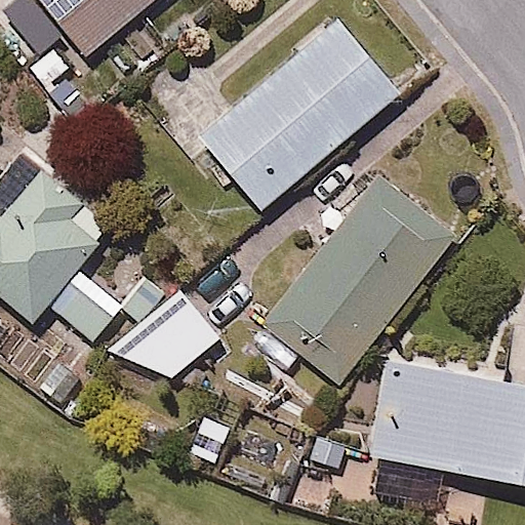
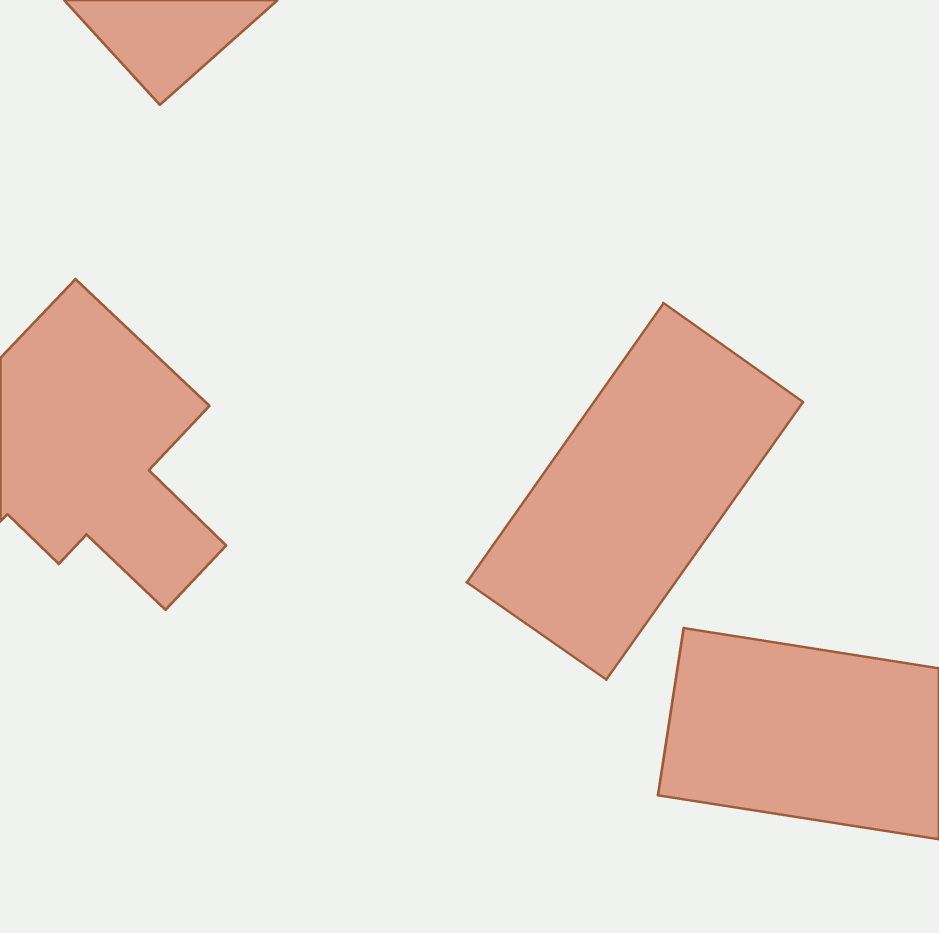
building: [202,16,401,209] -> none
building: [106,290,217,398] -> none

